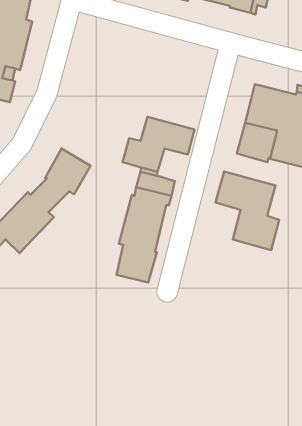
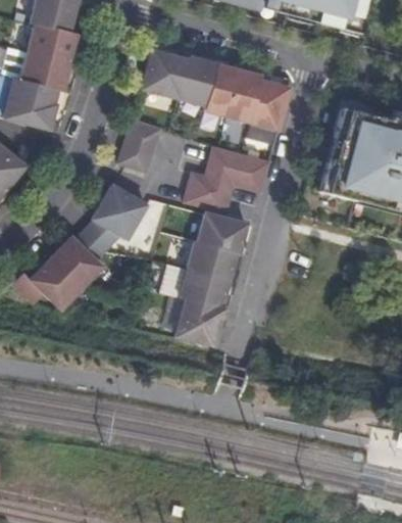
building: none -> [142,50,289,129]
building: none -> [118,118,160,171]
building: [215,171,279,250] -> none

